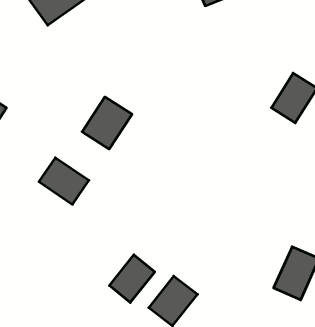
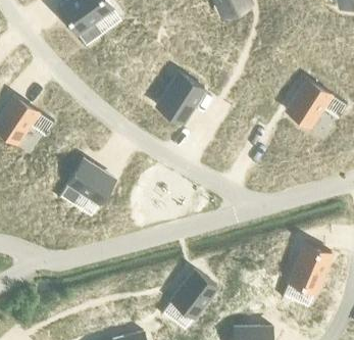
building: [82,97,132,149] -> [157,77,204,126]
building: [109,255,155,303] -> none

